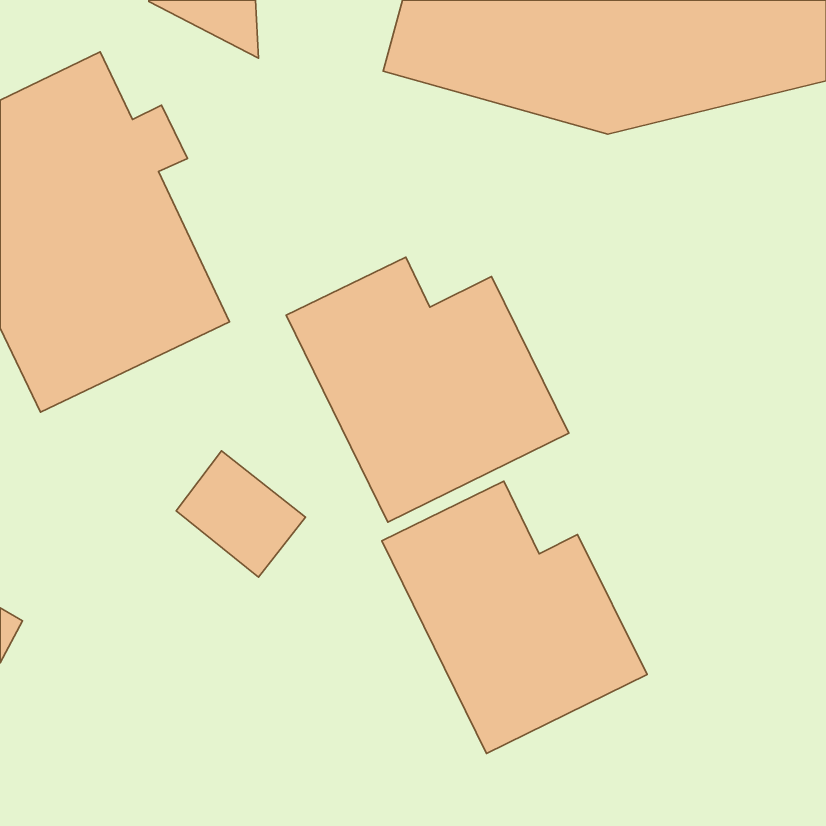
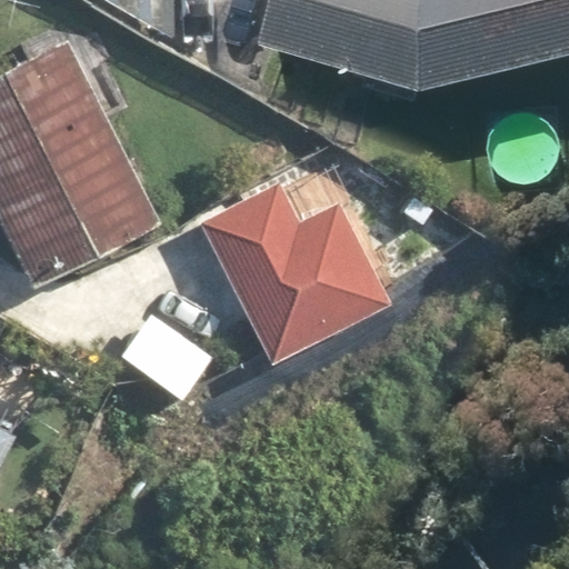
building: [382,481,647,753] -> none

